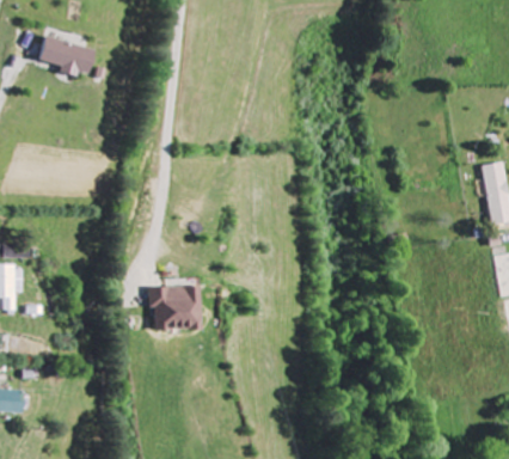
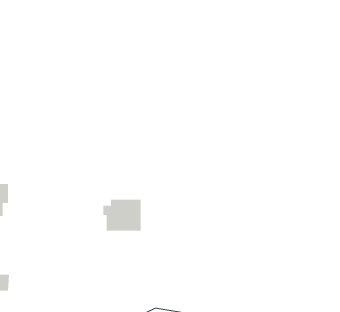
building: [37,35,94,75] -> none

